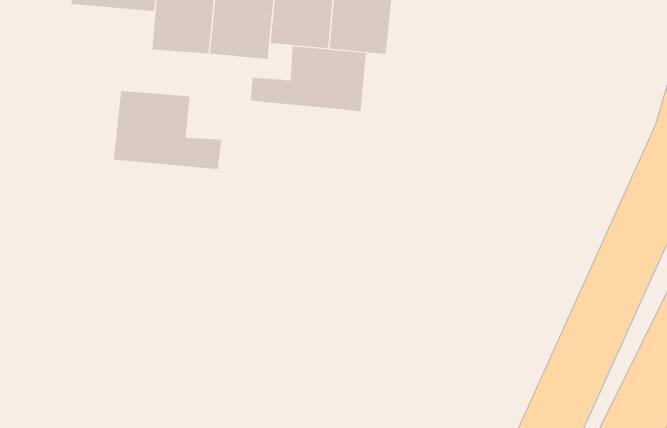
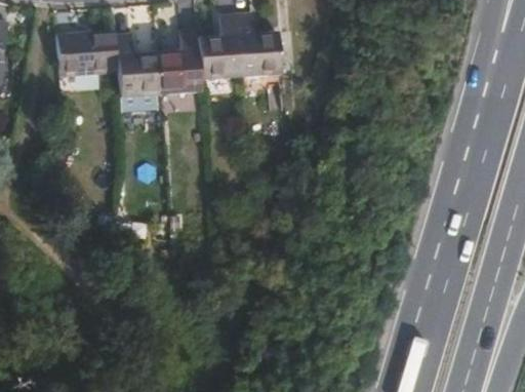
building: [250,45,366,112] -> none
building: [113,90,222,170] -> none

